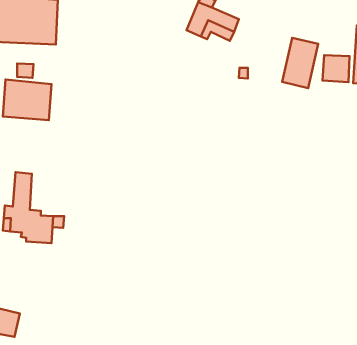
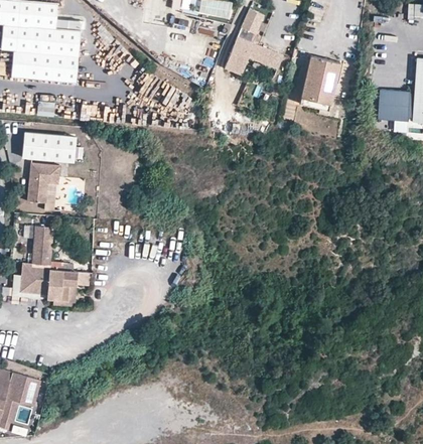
building: [282,38,318,88] -> [300,51,340,108]
building: none -> [27,166,59,204]

